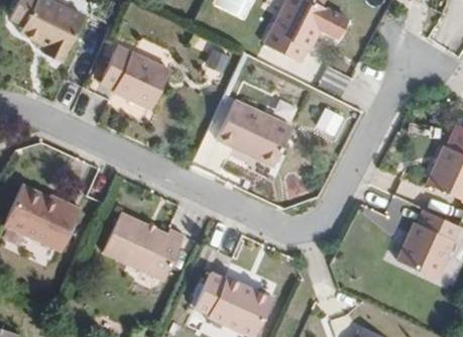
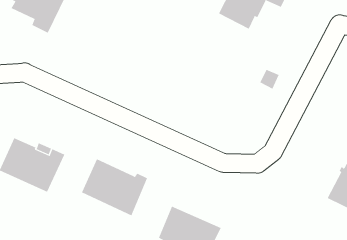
building: [102,45,169,107] -> none
building: [217,98,292,161] -> none

